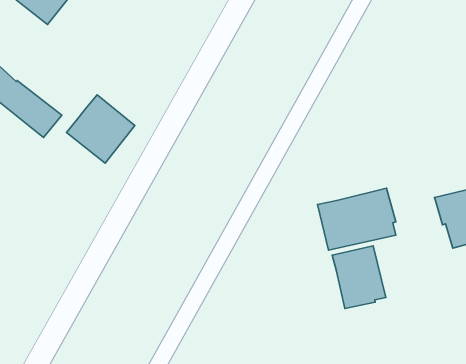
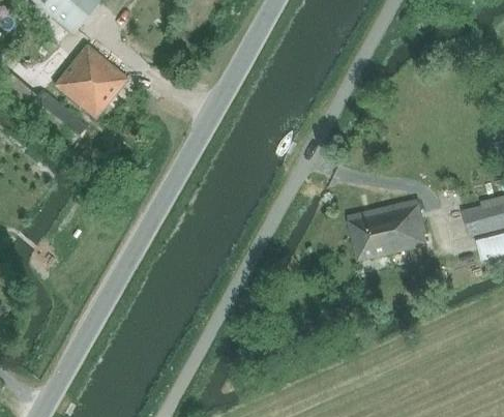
building: [67,95,135,163] -> [56,47,125,116]
building: [332,246,386,308] -> none

